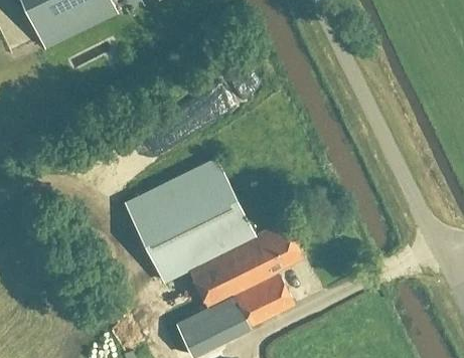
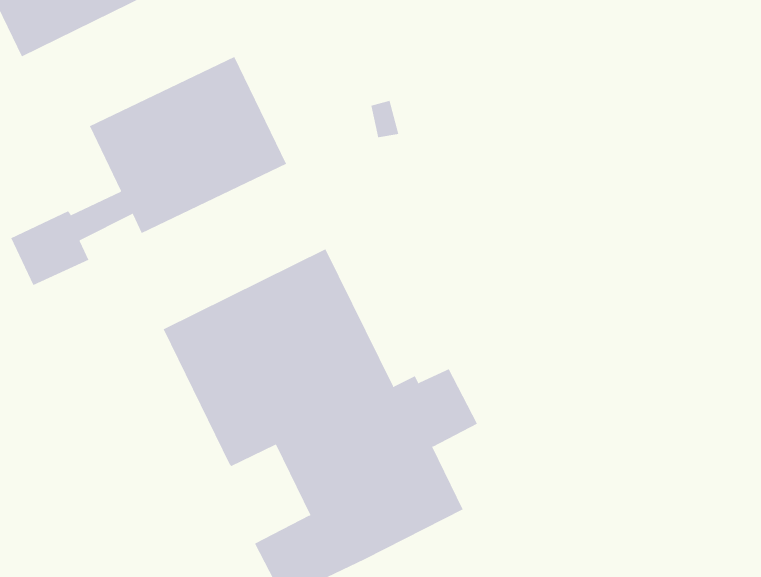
building: none -> [11,56,287,286]

